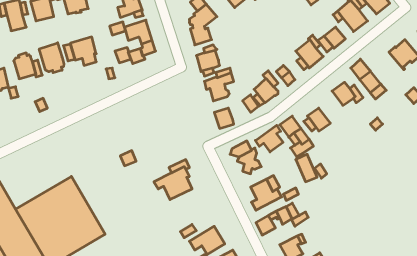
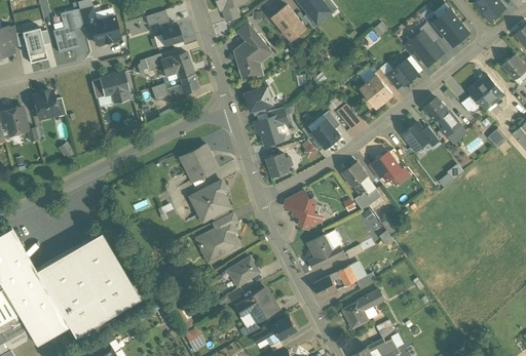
building: [39,43,64,73] -> none
building: none -> [180,144,218,182]
building: [255,125,283,152] -> none
building: none -> [191,181,230,216]
building: none -> [229,256,260,285]

